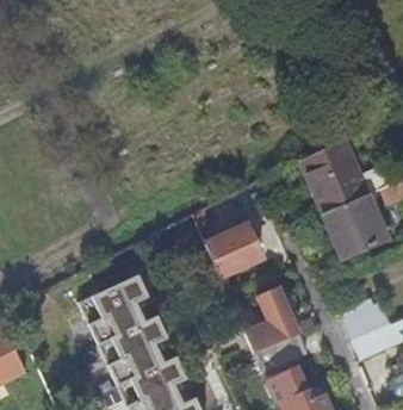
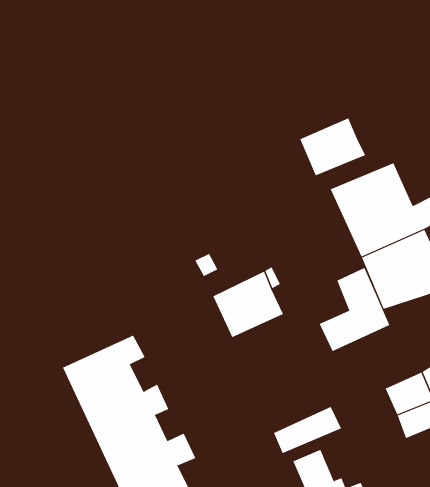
building: none -> [299,117,366,176]
building: [242,287,299,355] -> [319,267,390,352]

